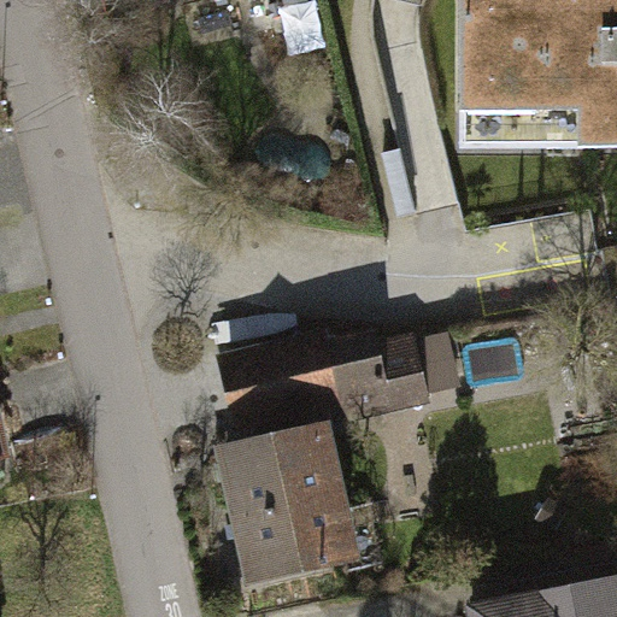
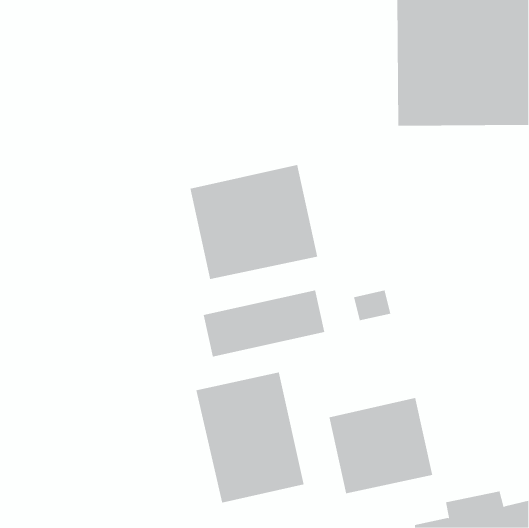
building: none -> [190,164,318,280]
building: none -> [329,397,433,494]

